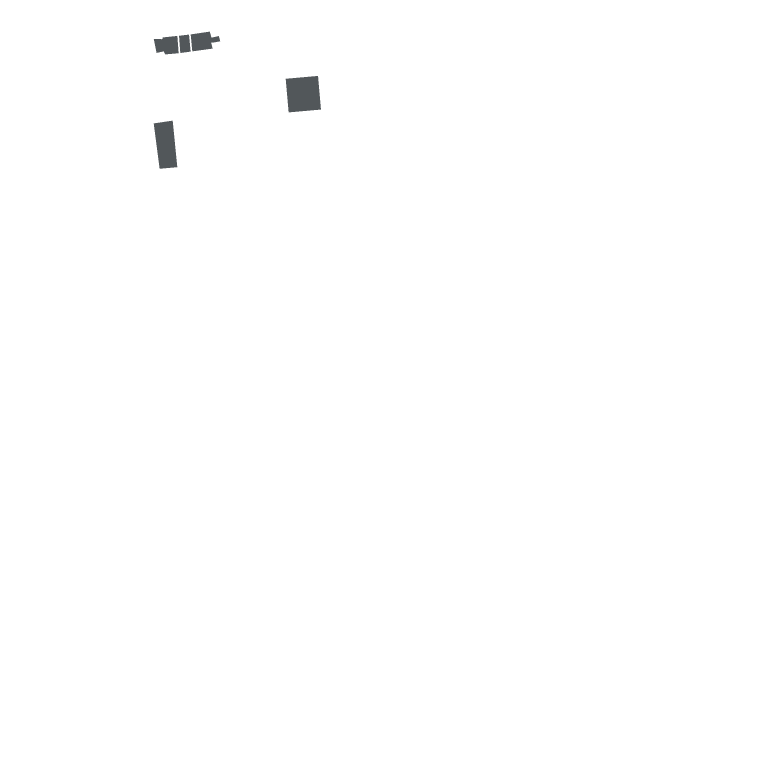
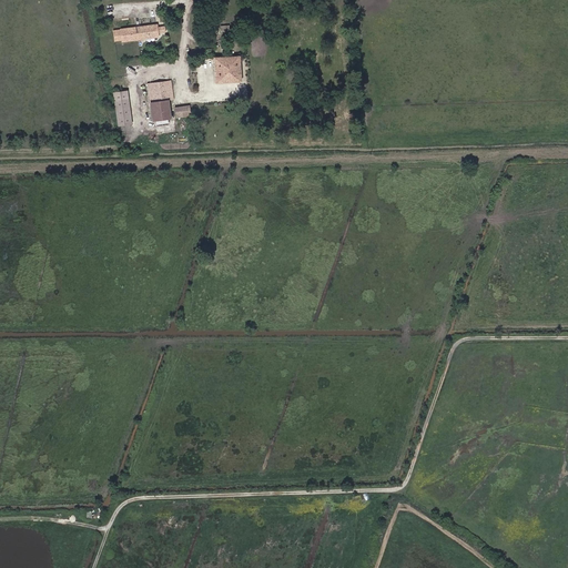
building: none -> [150,82,170,120]

